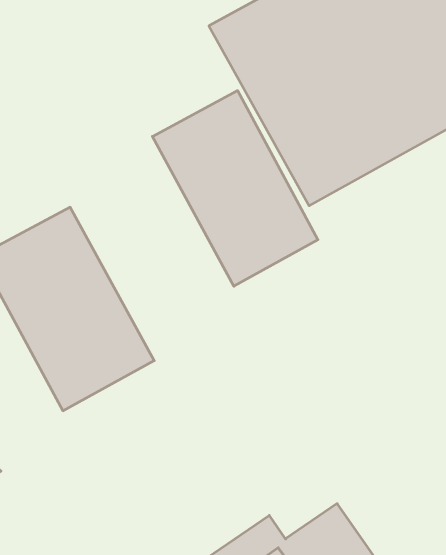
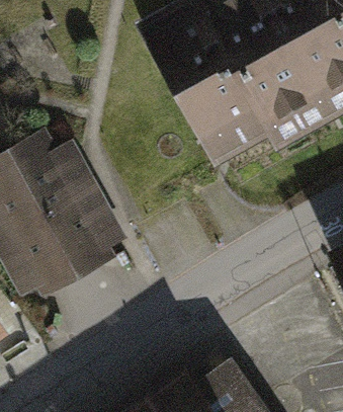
building: [152,91,318,286] -> none

